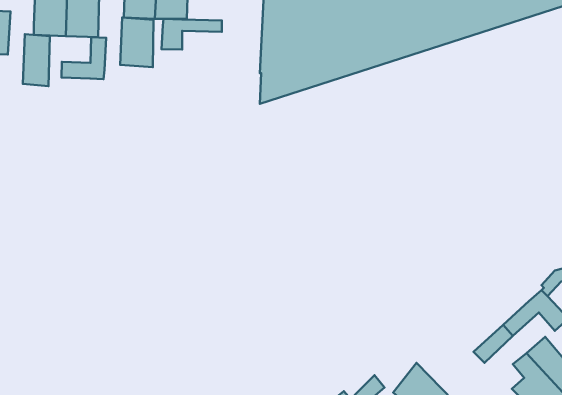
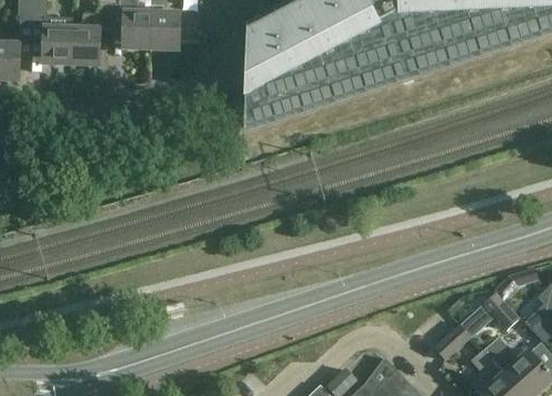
building: [120,17,153,67] -> none
building: [161,19,222,50] -> none
building: [23,34,50,86] -> none
building: [61,37,106,79] -> none

